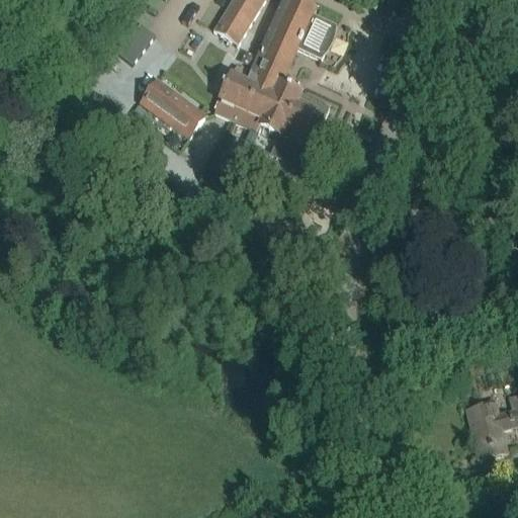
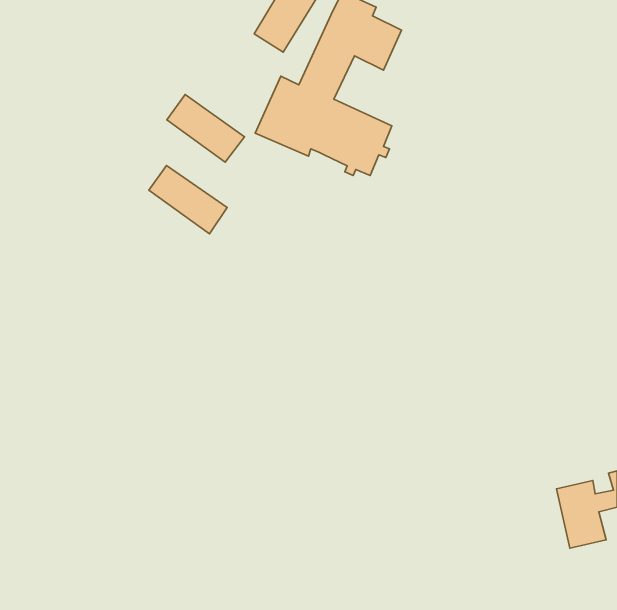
building: [116,21,154,63] -> none
building: none -> [149,165,227,234]

